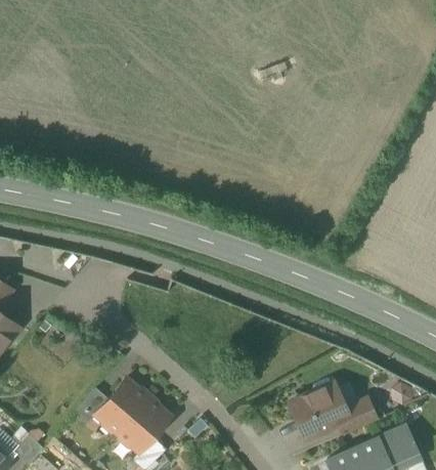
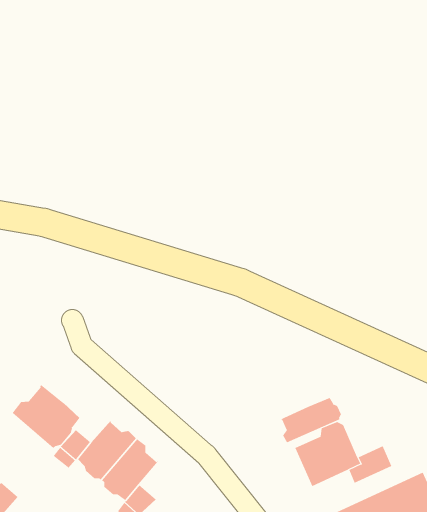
building: none -> [12,384,80,449]
building: none -> [280,397,342,443]

